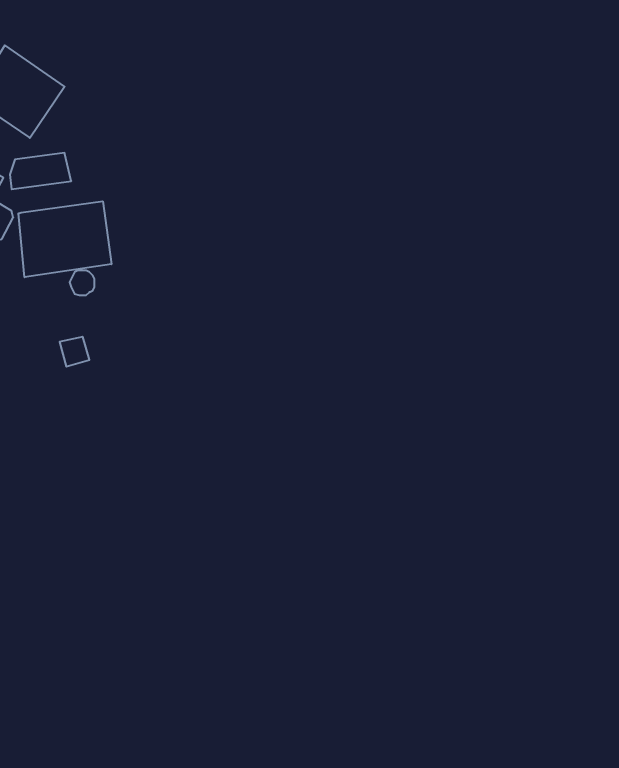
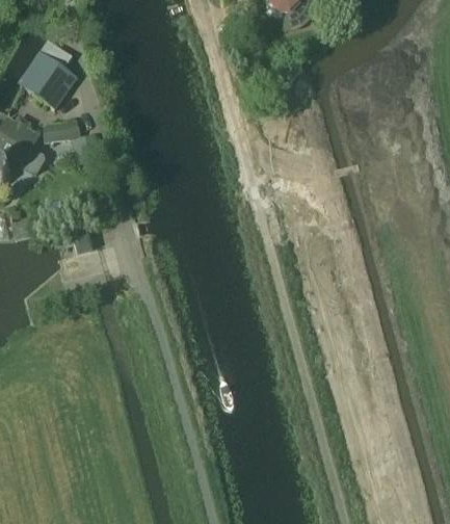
building: [18,201,111,277] -> none

